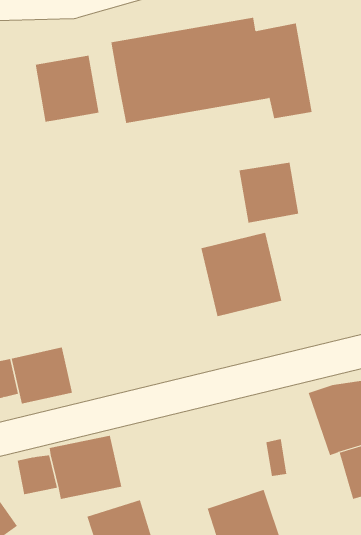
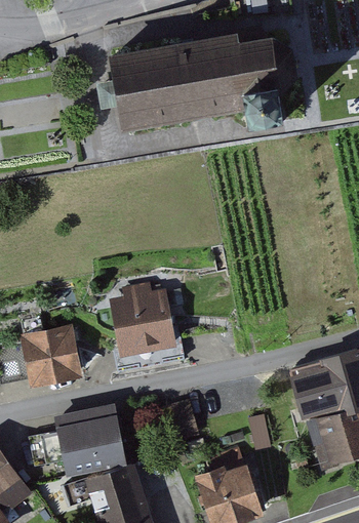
building: [35,55,99,123] -> none
building: [239,162,299,223] -> none
building: [201,232,282,317] -> [107,281,180,357]

